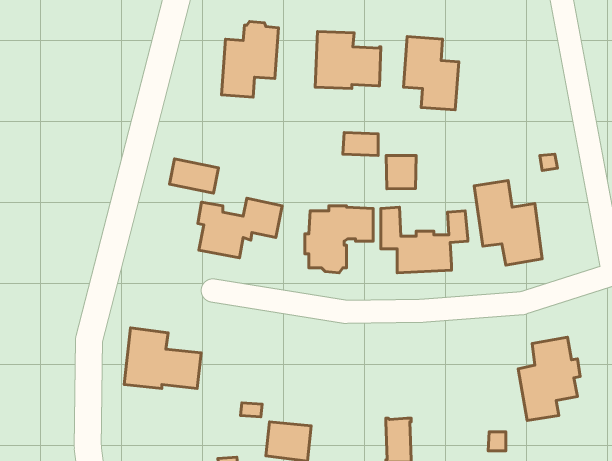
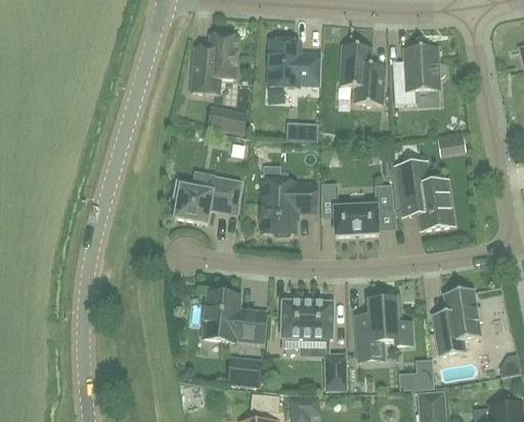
building: none -> [392,44,444,102]
building: [386,156,416,189] -> none
building: [169,159,219,193] -> [207,104,247,132]
building: [124,328,201,388] -> [203,290,265,339]
building: none -> [356,293,410,352]
building: none -> [280,298,333,345]

